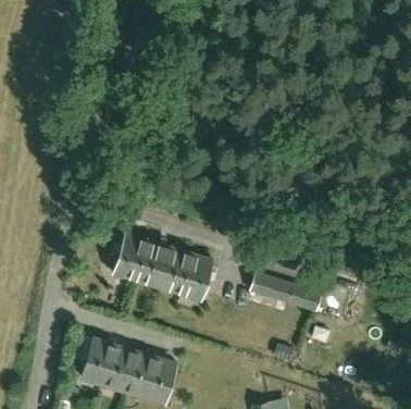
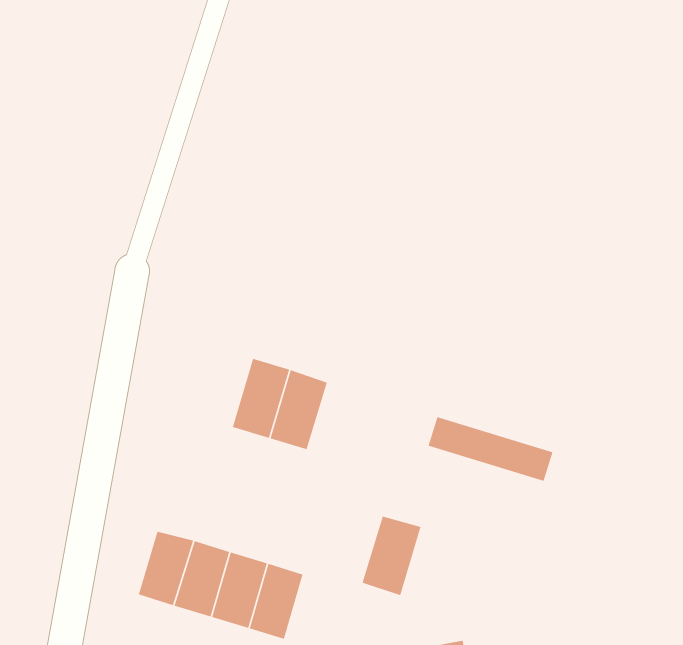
building: [113,233,148,280] -> none
building: [179,253,214,300] -> [361,515,422,596]

